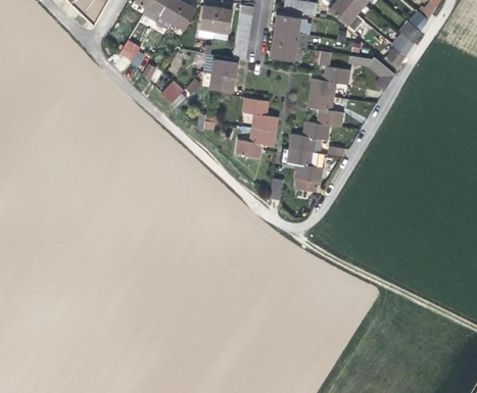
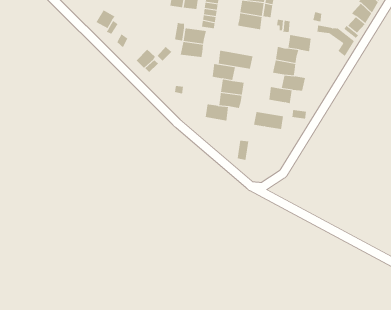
building: none -> [218,50,253,70]
building: [290,134,322,153] -> none
building: [295,164,323,192] -> none

